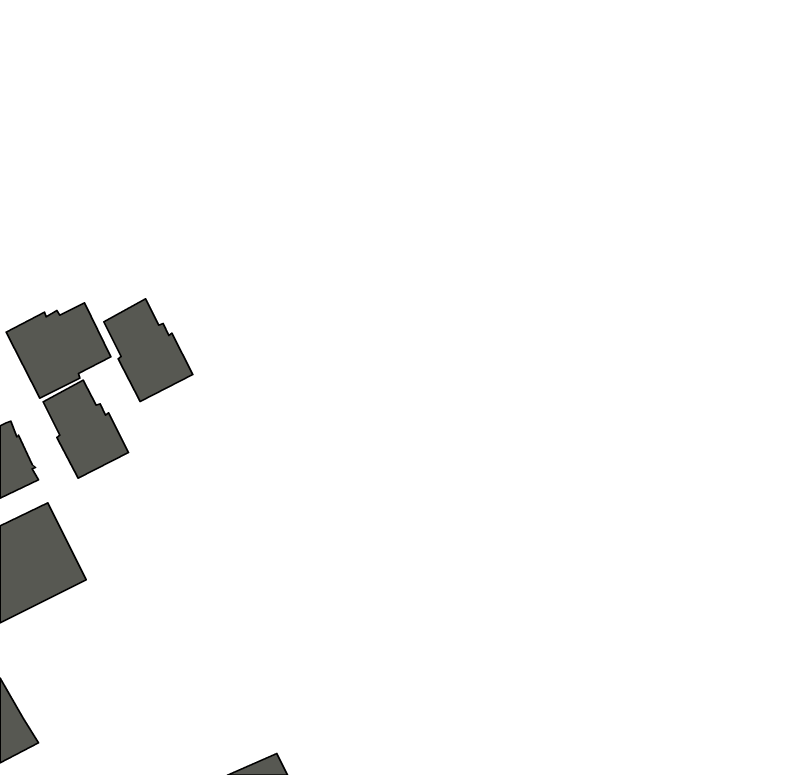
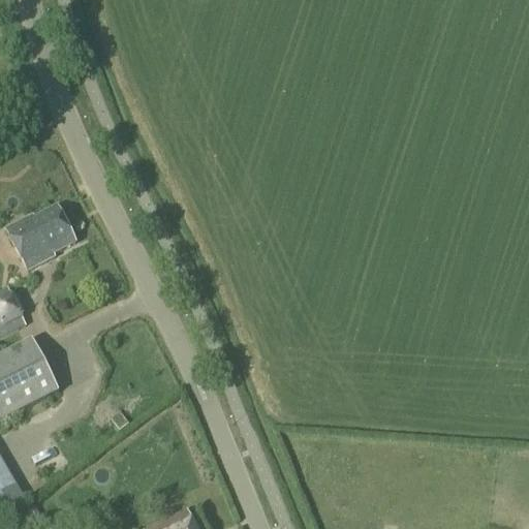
building: [104,299,193,401] -> none
building: [43,380,128,478] -> none

